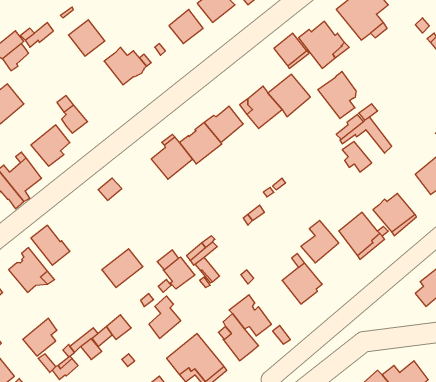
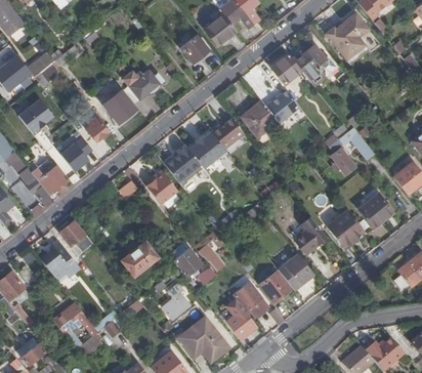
building: [68,20,105,56] -> [103,91,135,123]
building: [318,71,356,119] -> none
building: none -> [145,172,177,204]
building: none -> [260,272,290,303]

